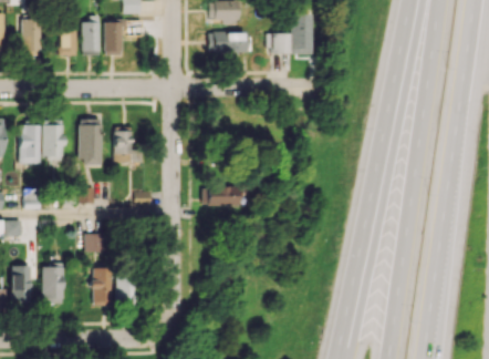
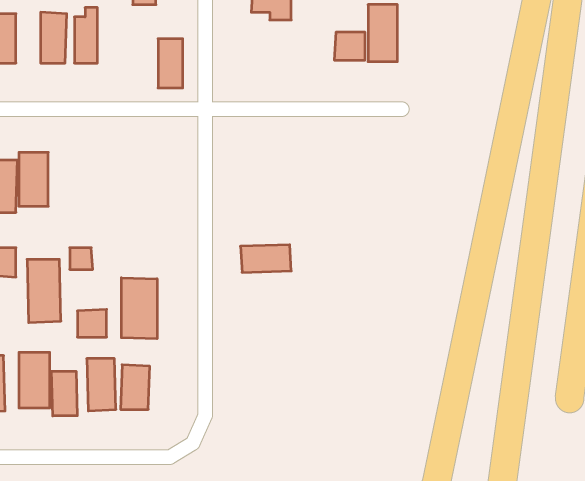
building: [105,20,123,55] -> [158,39,183,88]
building: [210,31,249,53] -> none
building: [79,119,103,164] -> [27,259,61,323]
building: [115,126,132,162] -> none
building: none -> [121,278,157,339]
building: none -> [51,371,77,416]

